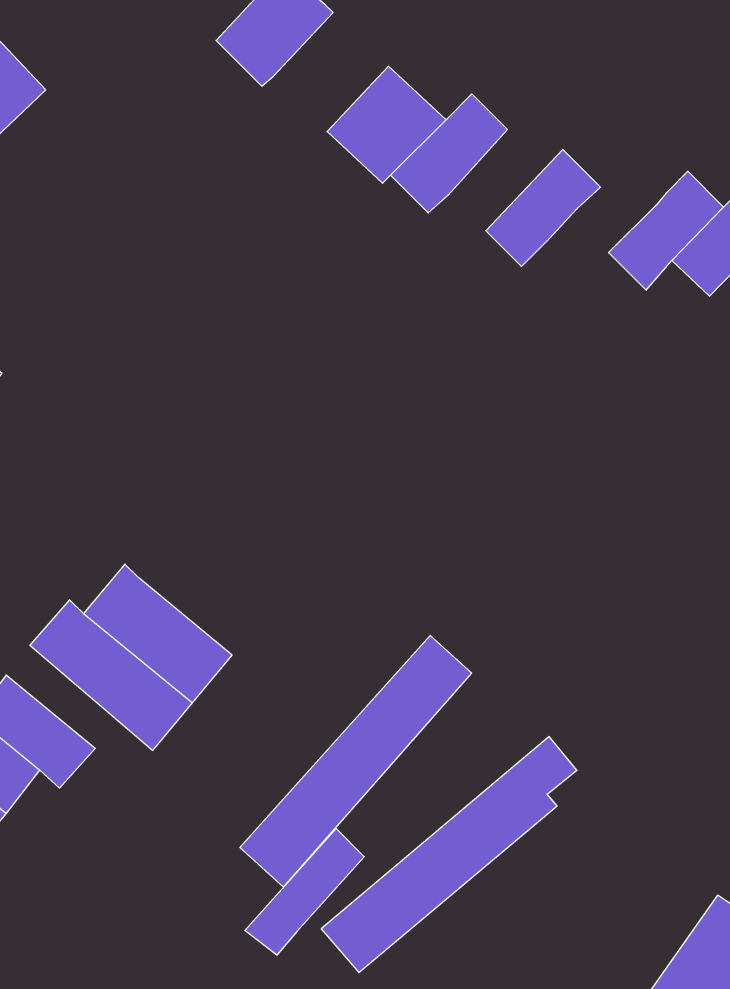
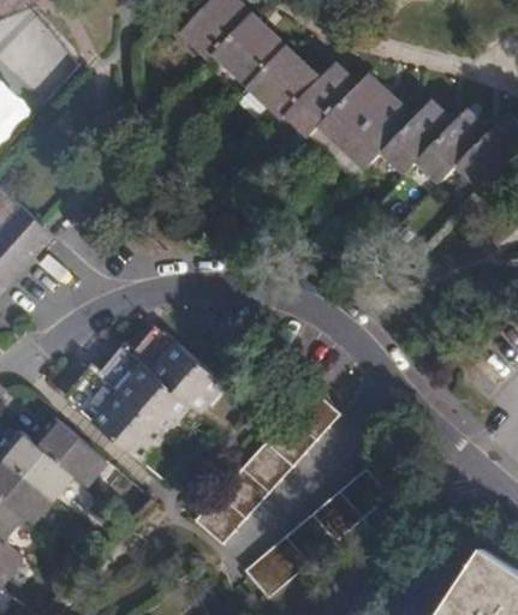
building: none -> [215,14,285,86]
building: none -> [321,76,391,147]
building: none -> [382,102,453,174]
building: none -> [133,327,222,411]
building: [245,828,364,955] -> none

